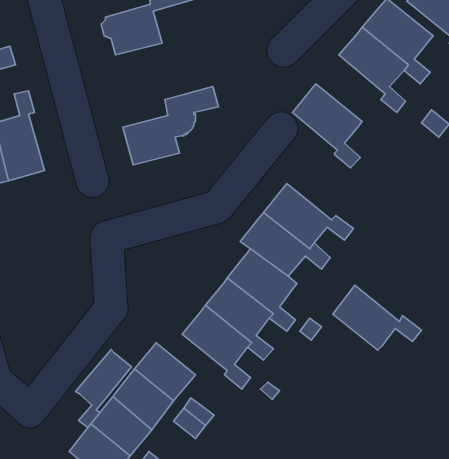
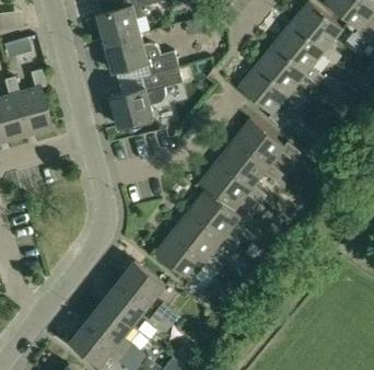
building: none -> [105,34,178,74]
building: none -> [256,43,308,107]
building: [333,285,421,350] -> [234,118,301,167]
building: [75,350,131,427] -> none

